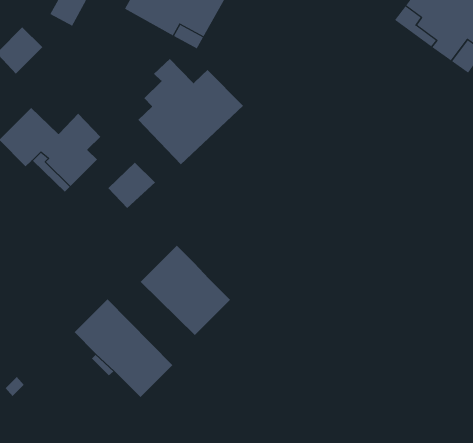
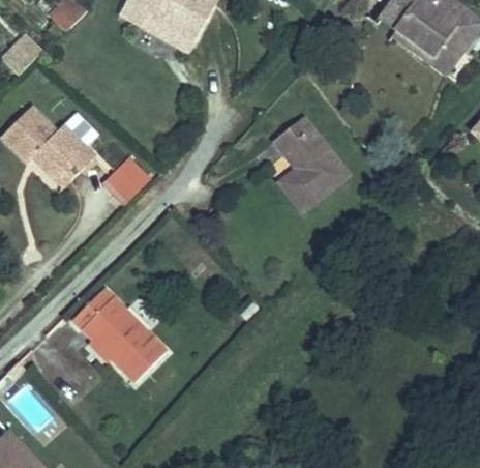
building: [138,58,244,165] -> none
building: none -> [275,117,348,209]
building: [140,245,231,336] -> none

